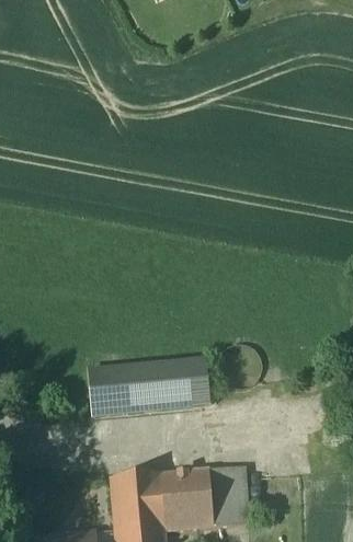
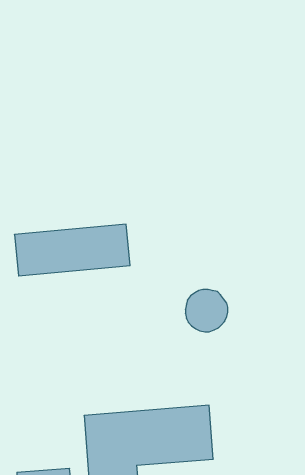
building: [88,360,210,415] -> [14,224,130,276]

